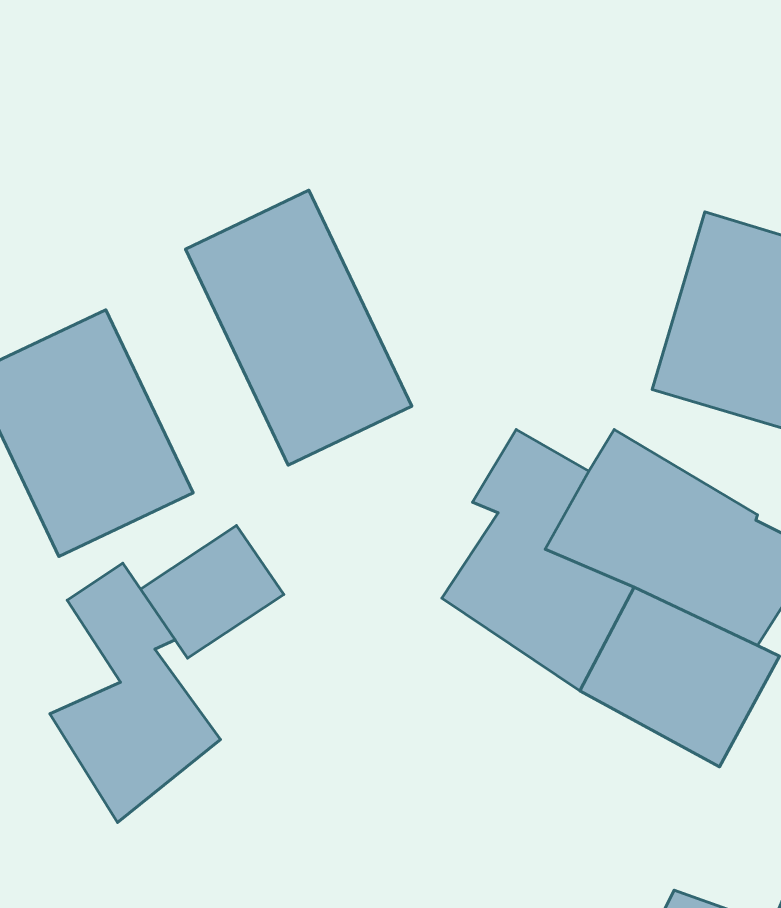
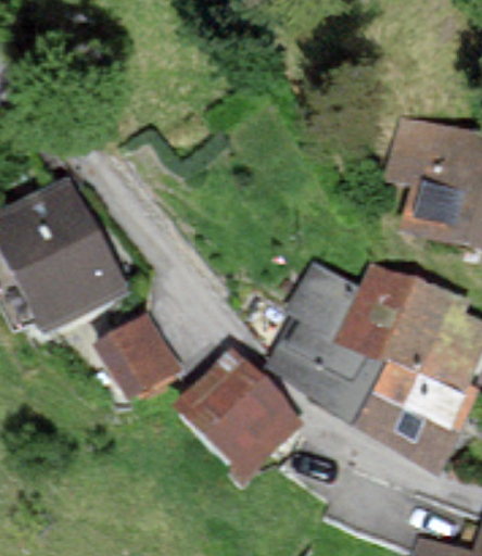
building: [185,190,412,465] -> none
building: [50,563,221,823] -> none
building: none -> [182,345,301,464]

